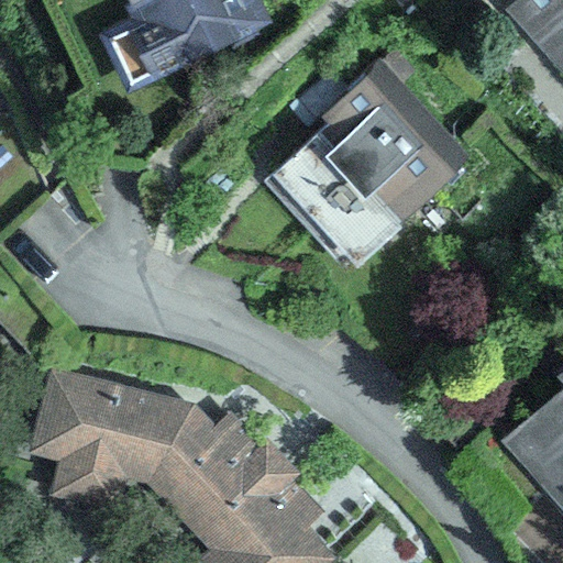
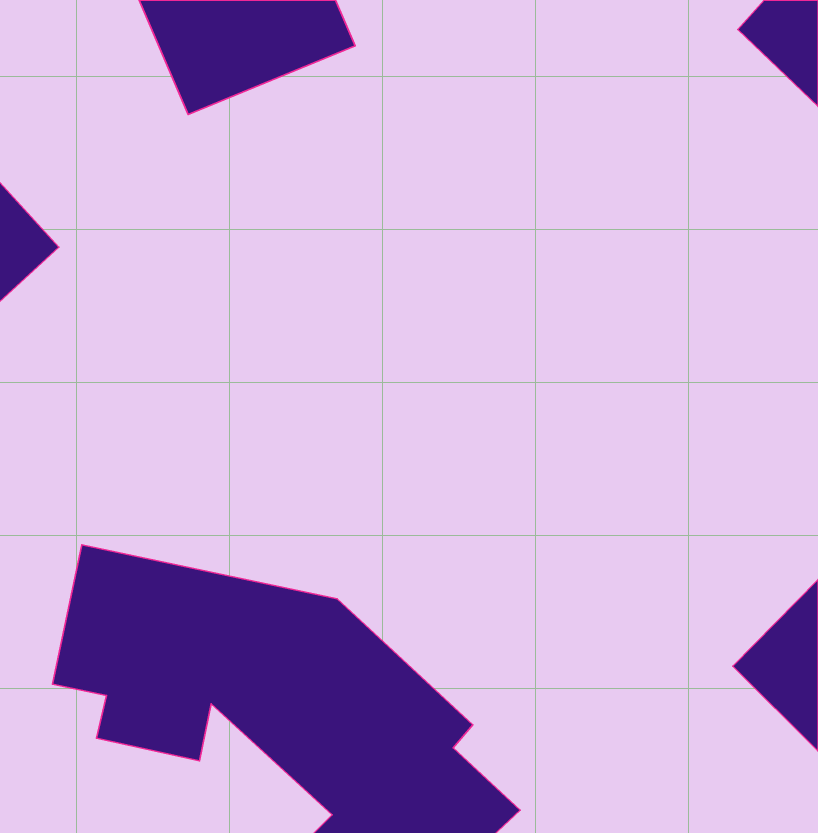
building: [283,76,475,268] -> none

